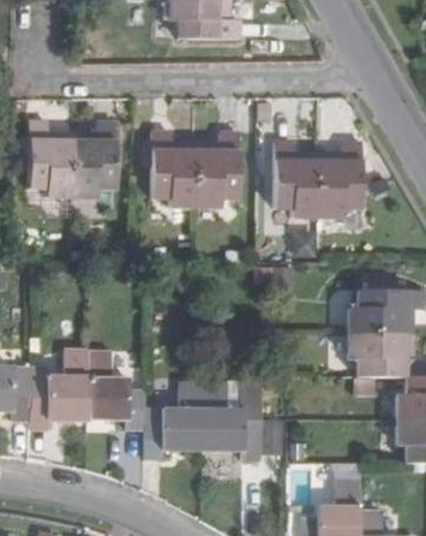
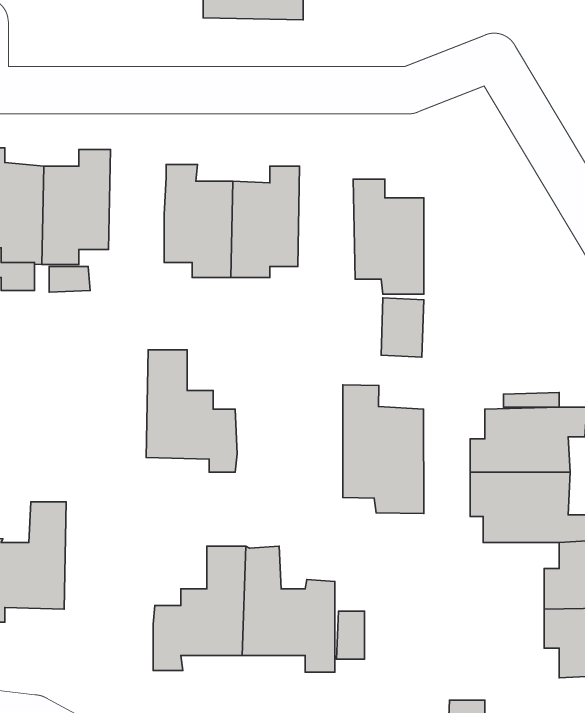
building: [318,143,360,216] -> none
building: none -> [343,385,424,514]
building: [85,351,144,430] -> [146,350,237,472]

